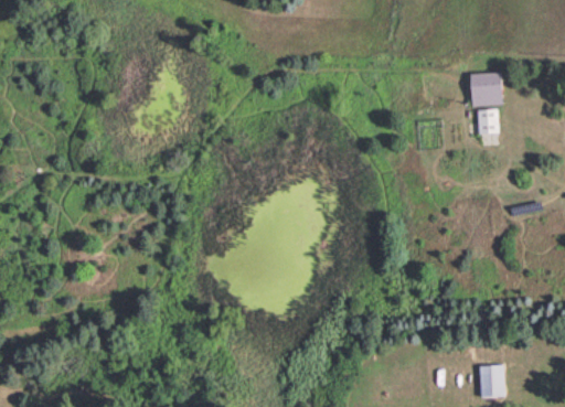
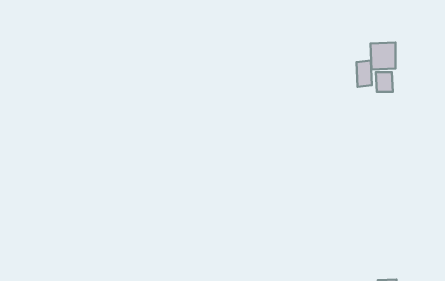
building: none -> [357,61,372,87]

